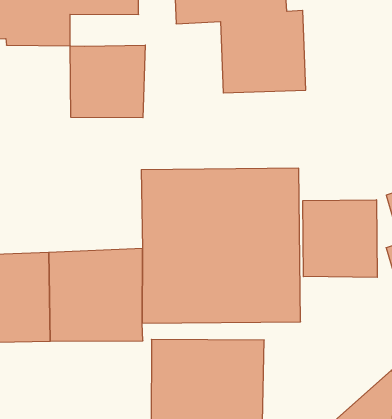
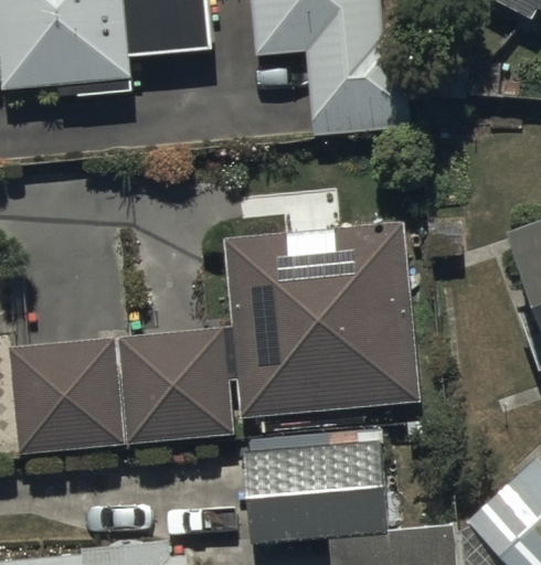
building: [70,45,145,118] -> none
building: [303,200,377,277] -> none

